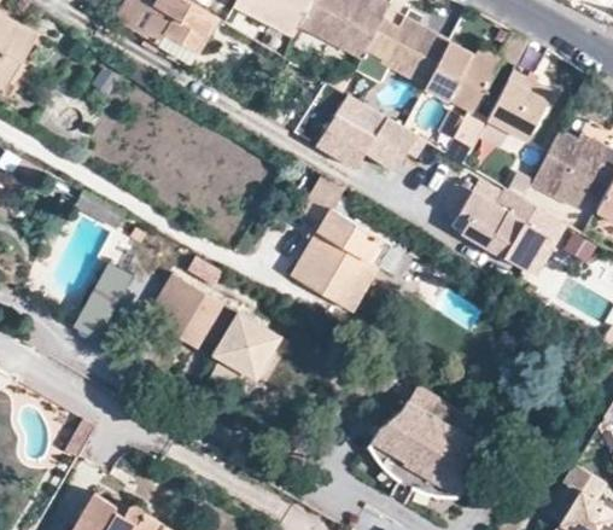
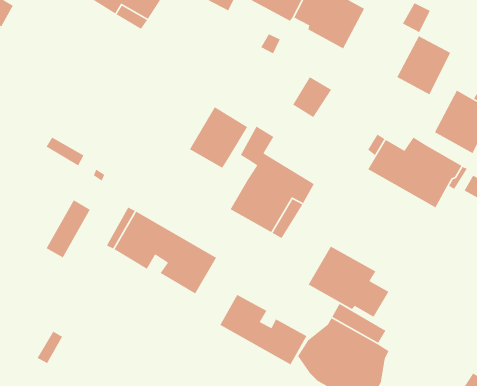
building: [425,39,500,147] -> none
building: [315,94,385,168] -> [189,106,248,169]
building: none -> [307,246,389,318]
building: none -> [219,294,308,365]

